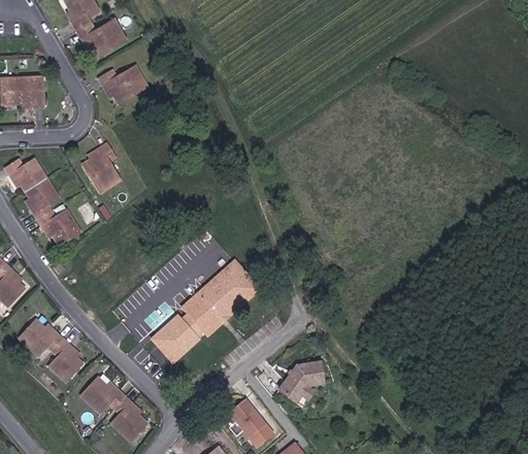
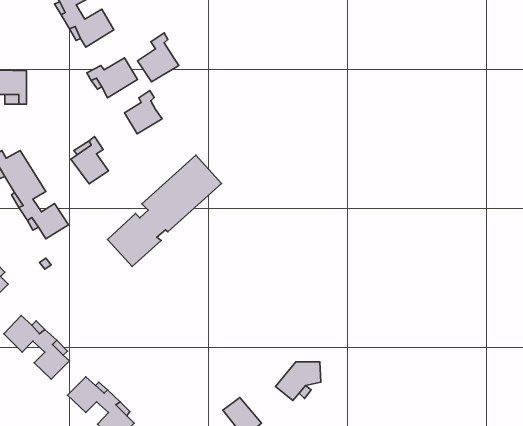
building: none -> [137,33,179,82]
building: none -> [125,90,162,134]
building: [147,257,257,363] -> [107,155,222,266]

